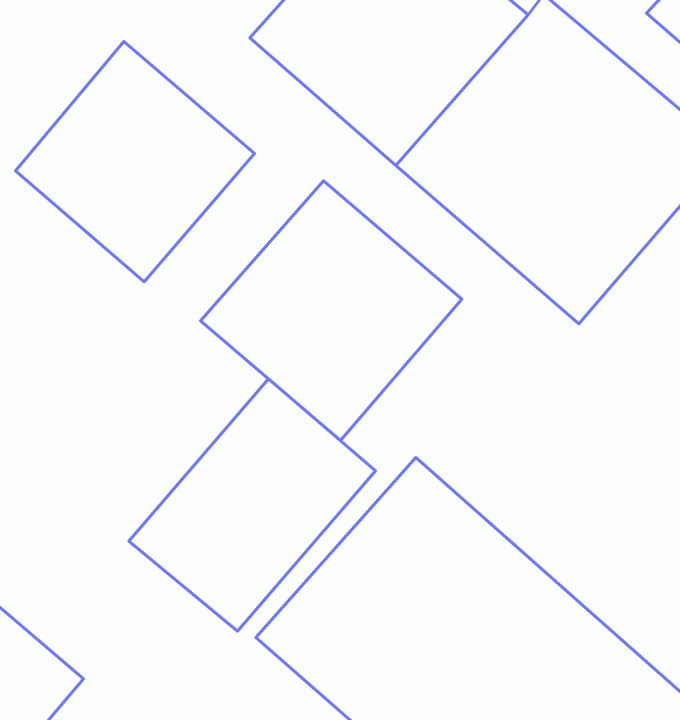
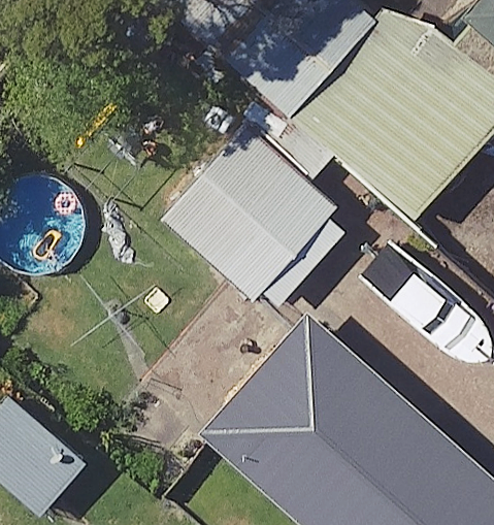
building: [15,41,254,282] -> none
building: [129,379,376,631] -> none

